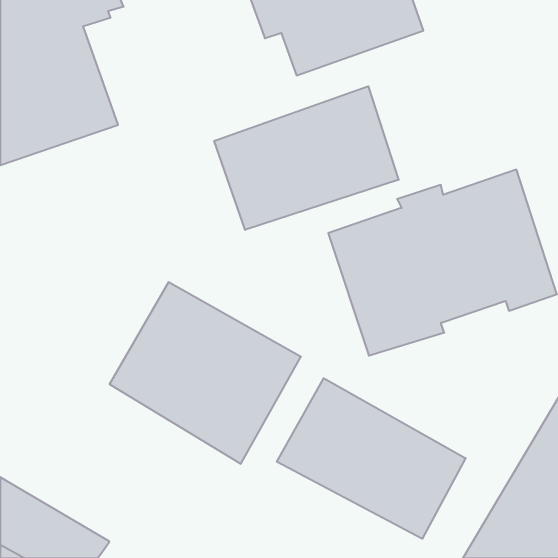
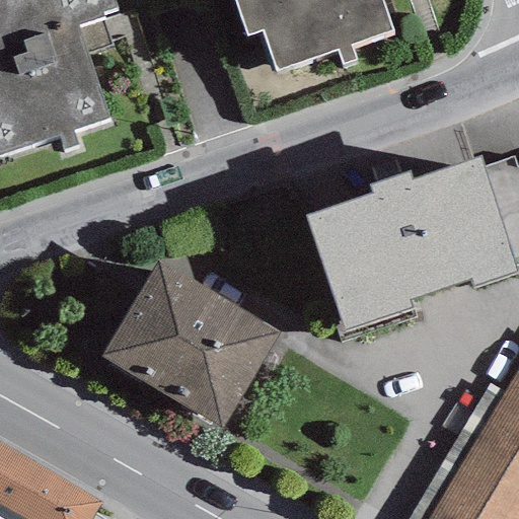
building: [214,86,399,230] -> none
building: [277,378,466,539] -> none

